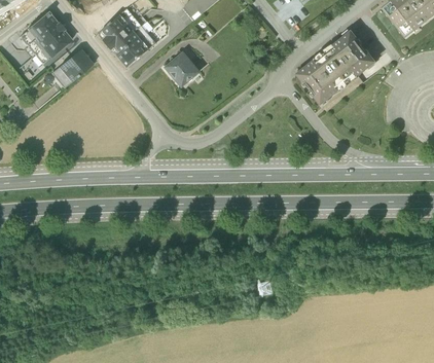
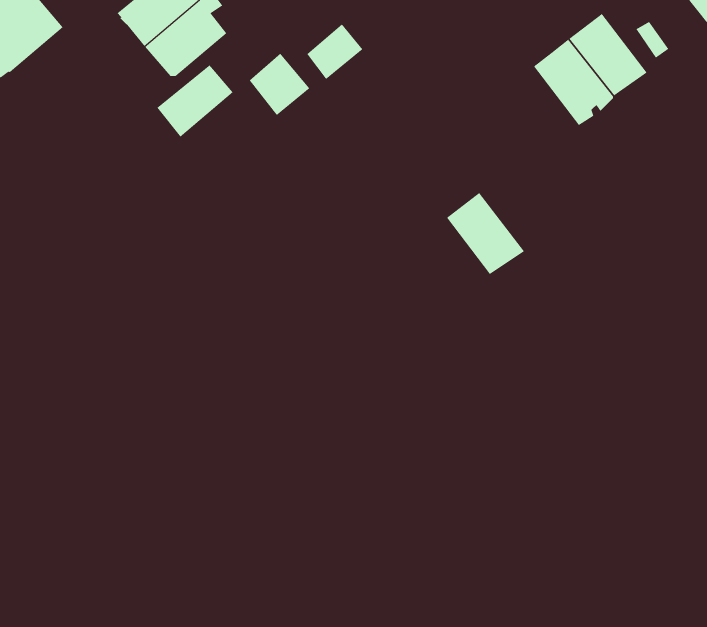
building: none -> [307,24,363,80]
building: [51,49,92,87] -> [157,64,234,137]
building: [297,60,338,103] -> [446,192,525,275]

